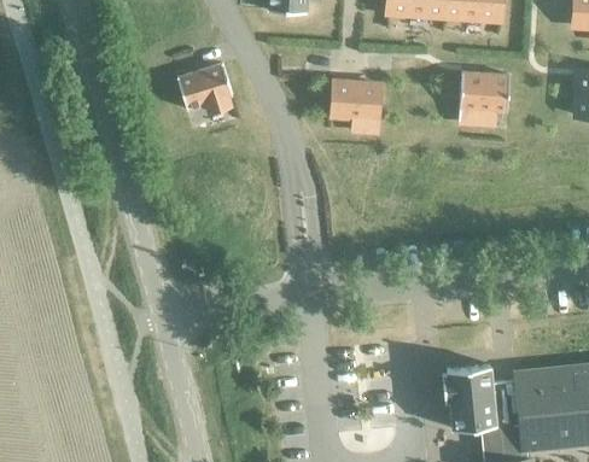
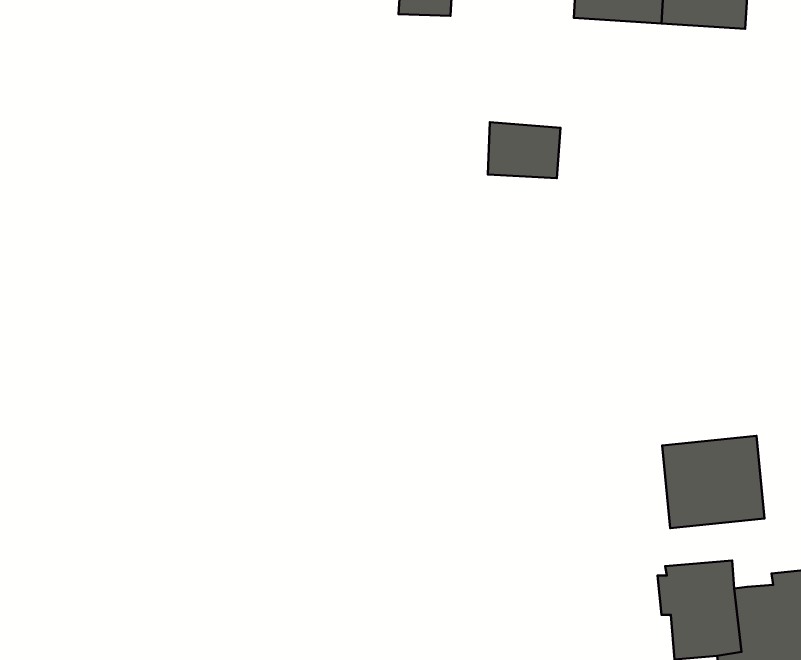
building: [177,63,232,111] -> none
building: [459,74,509,124] -> none
building: none -> [662,436,764,528]

